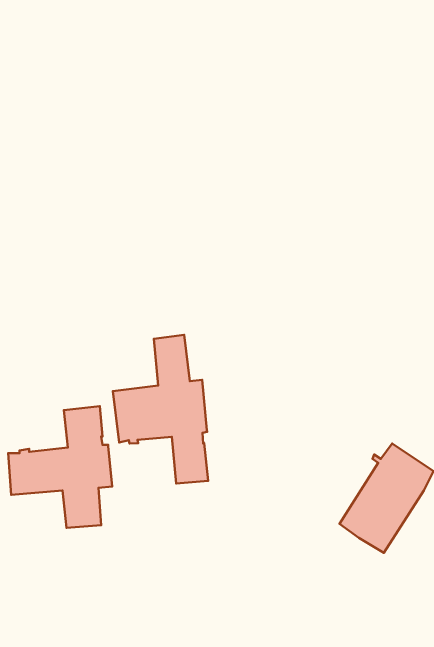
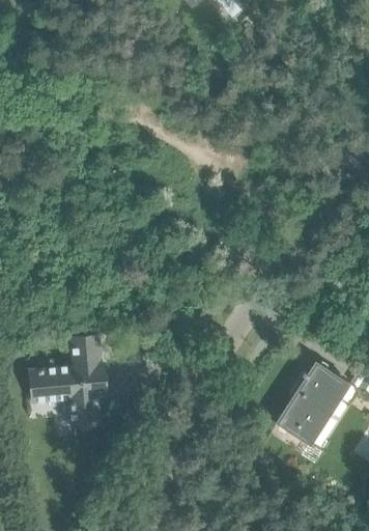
building: [113,335,208,483] -> none

